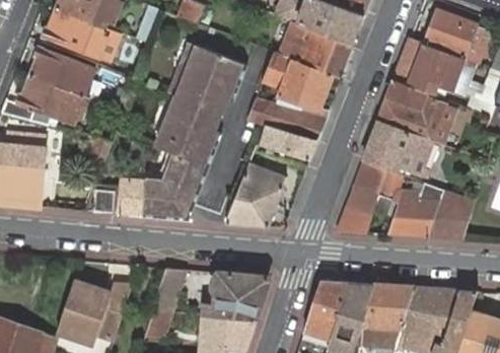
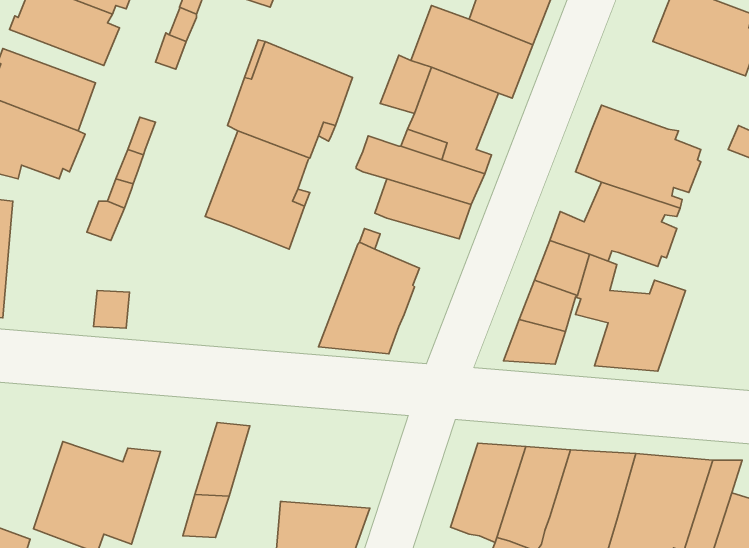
building: [392,37,475,94] -> none
building: [115,151,208,219] -> none
building: [426,190,473,239] -> none
building: [204,273,268,319] -> none

